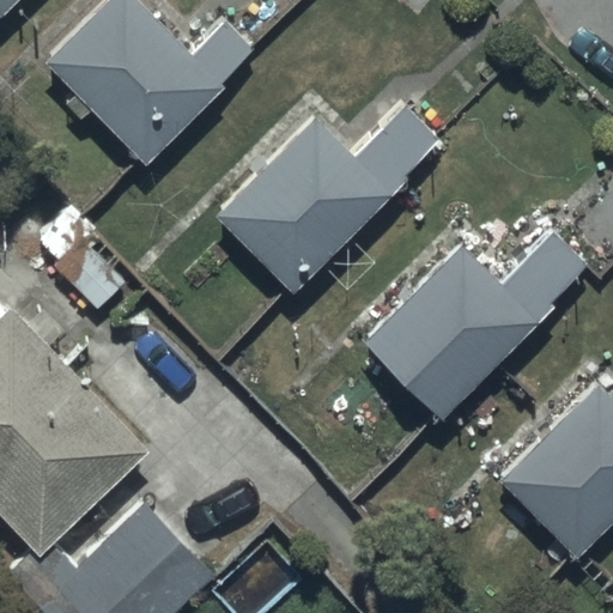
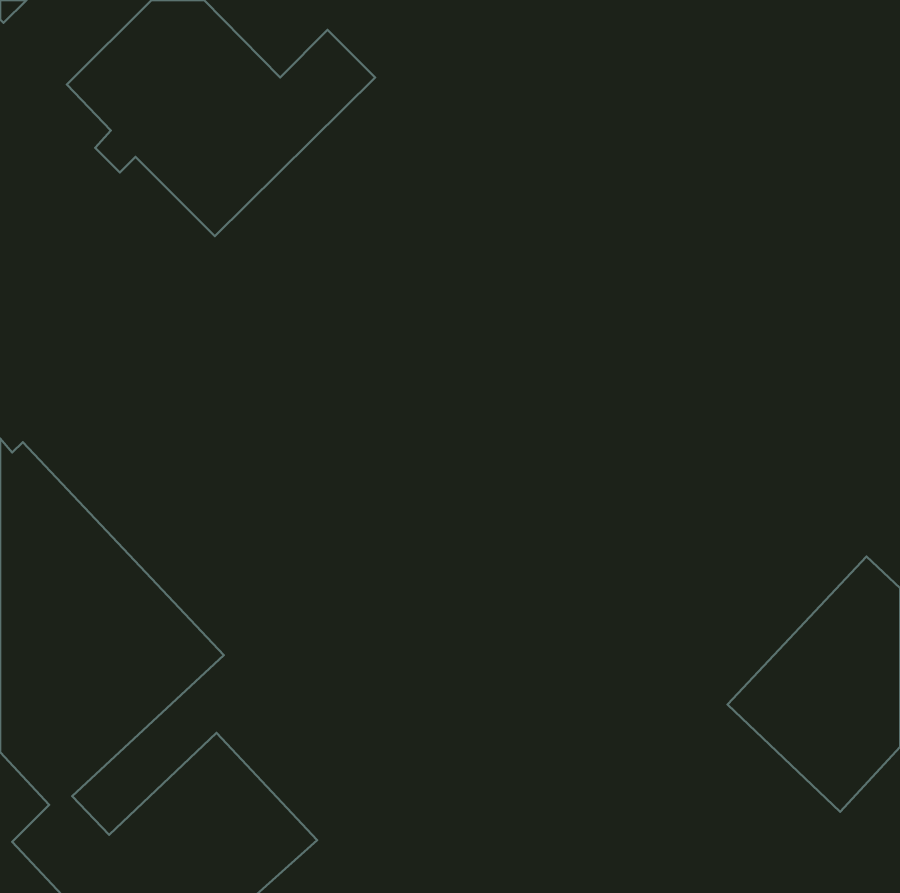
building: [216,110,435,295] -> none
building: [364,230,584,419] -> none

